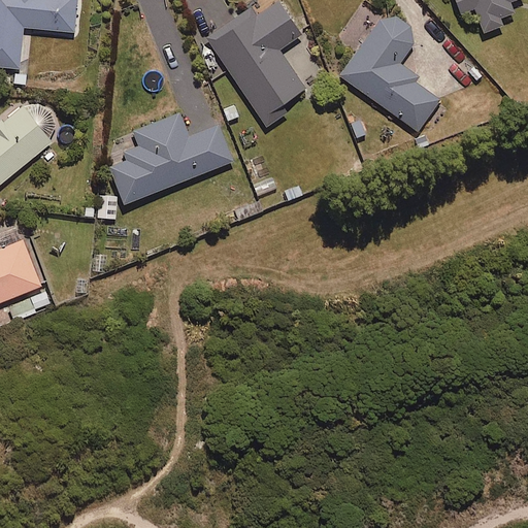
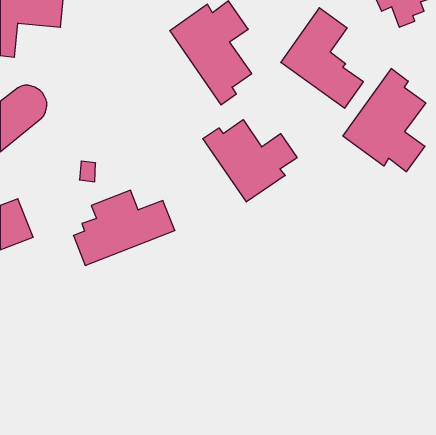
building: none -> [343,68,426,172]
building: [109,113,232,204] -> [73,190,175,265]
building: none -> [203,120,297,202]

